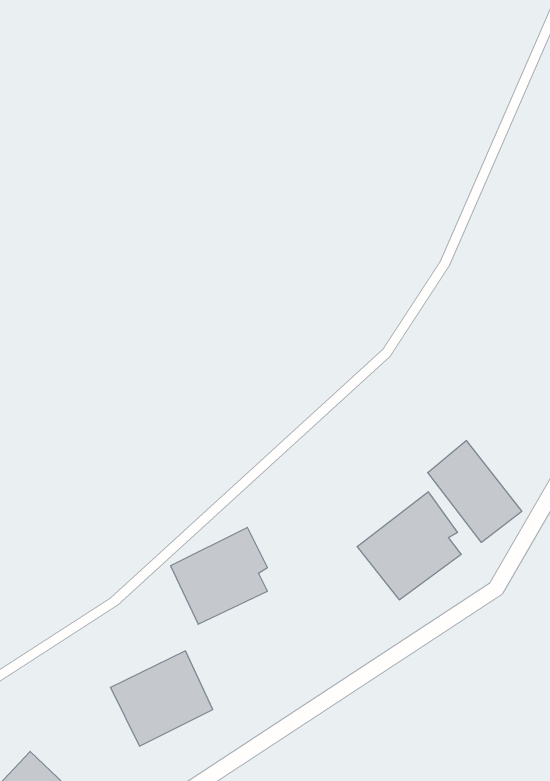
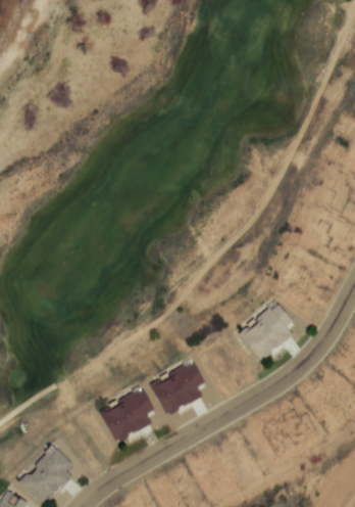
building: [428,441,522,542] -> none
building: [171,527,267,624] -> [150,361,204,415]

